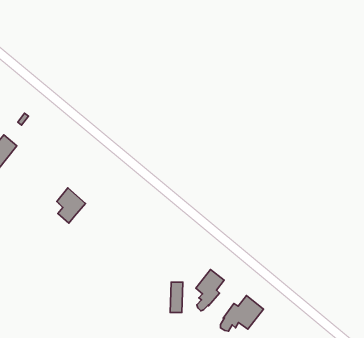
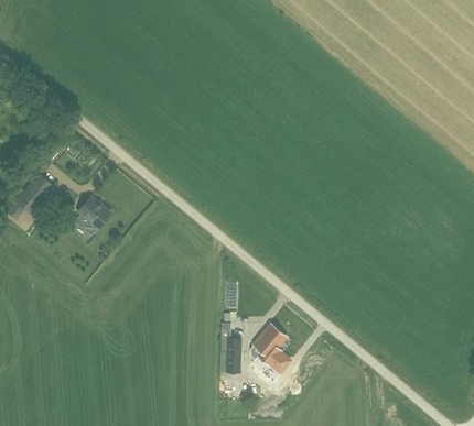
building: [57,188,85,223] -> [78,196,110,236]
building: [220,296,264,331] -> none

